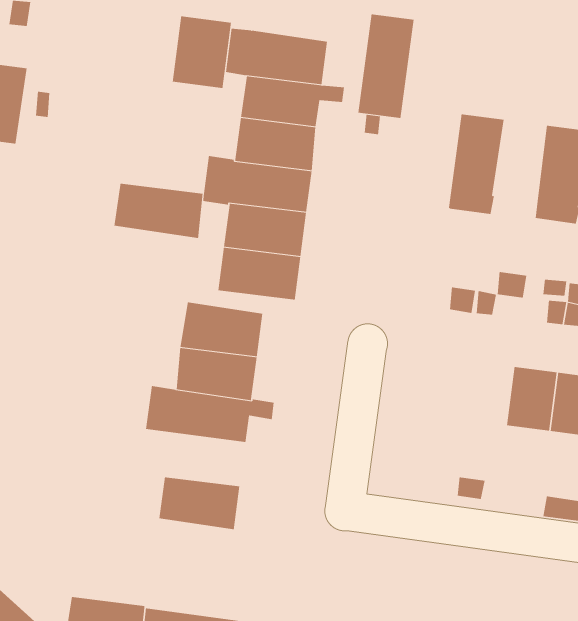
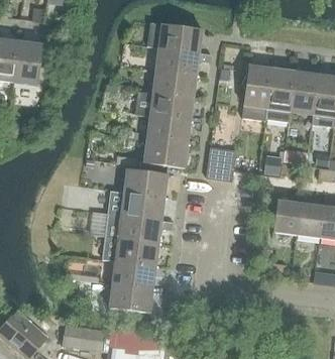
building: [358,14,415,118] -> [241,66,271,121]
building: [172,16,232,89] -> none
building: none -> [289,72,317,115]
building: [114,183,203,239] -> none
building: none -> [206,147,235,181]
building: none -> [272,200,300,234]
building: none -> [101,236,157,266]
building: none -> [108,283,151,313]

